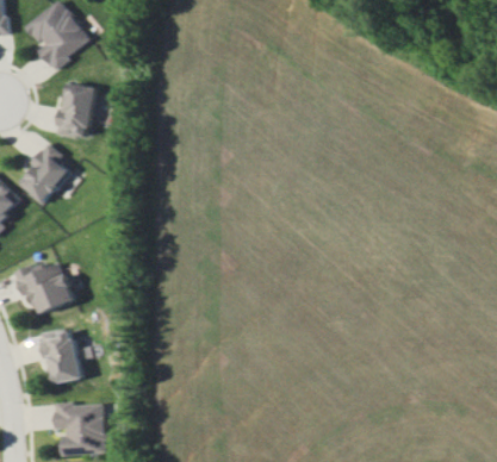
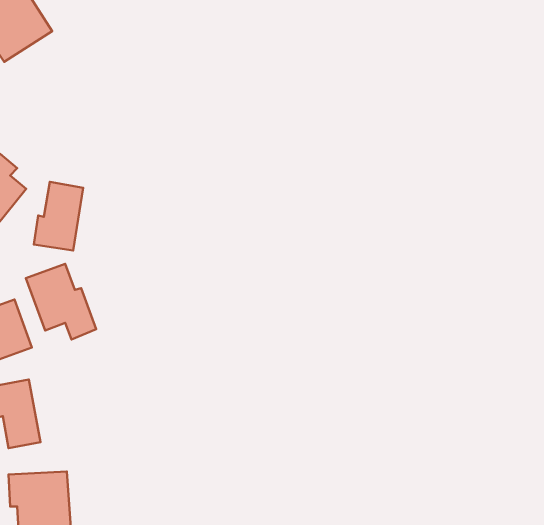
building: [54,82,94,138] -> [34,182,83,250]
building: none -> [26,264,96,339]

